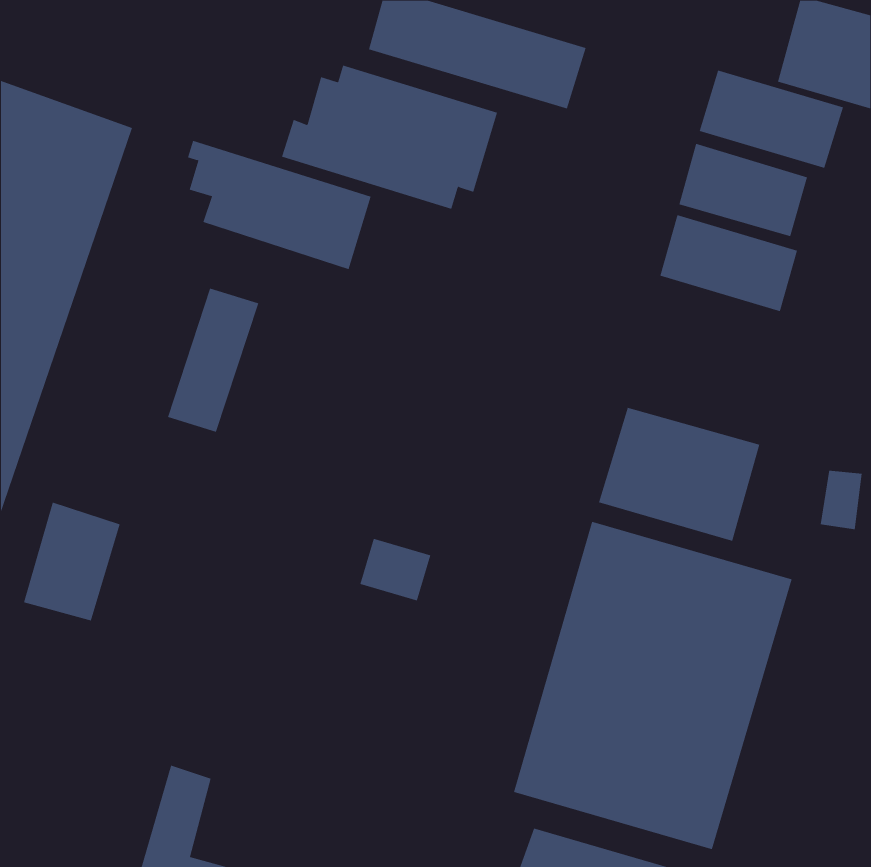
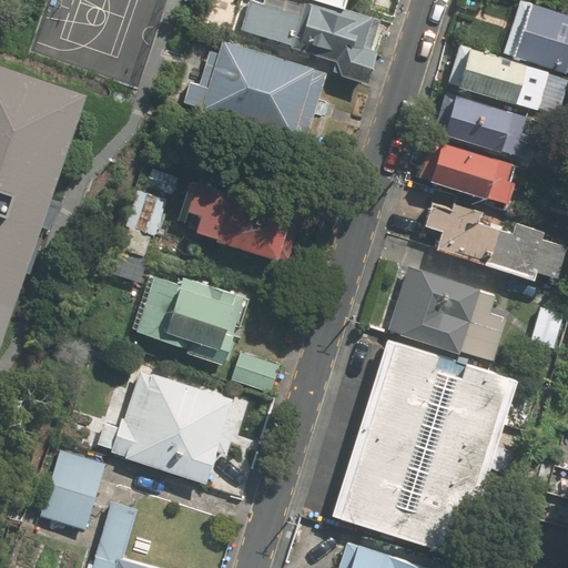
building: [187,140,371,270] -> [187,180,307,264]
building: none -> [435,203,548,280]
building: none -> [130,268,245,365]
building: [23,502,120,621] -> [41,450,104,528]
building: none -> [111,363,239,488]

